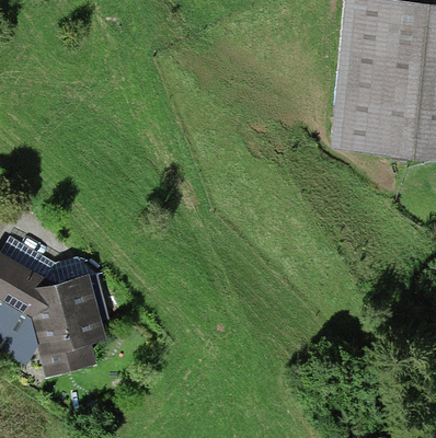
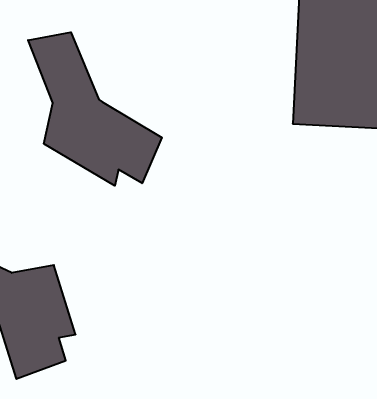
building: none -> [28,32,162,186]

